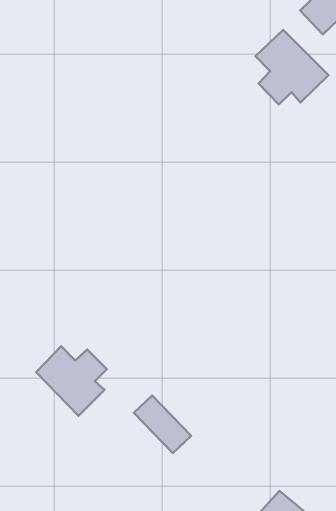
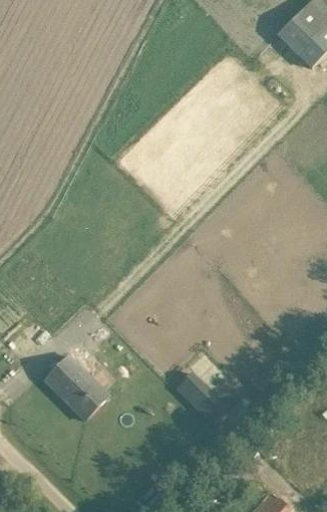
building: [255,30,329,105] -> none
building: [134,396,191,453] -> [174,369,227,423]

